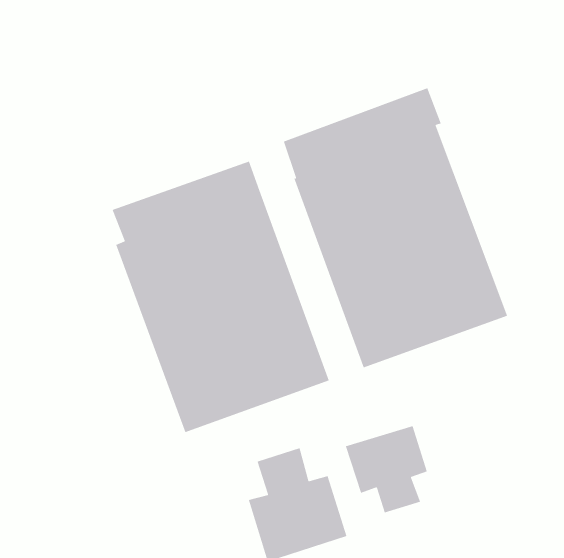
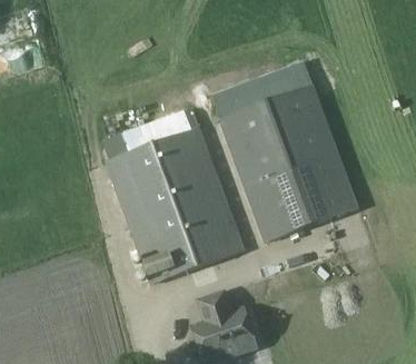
building: [345,425,428,513] -> none

